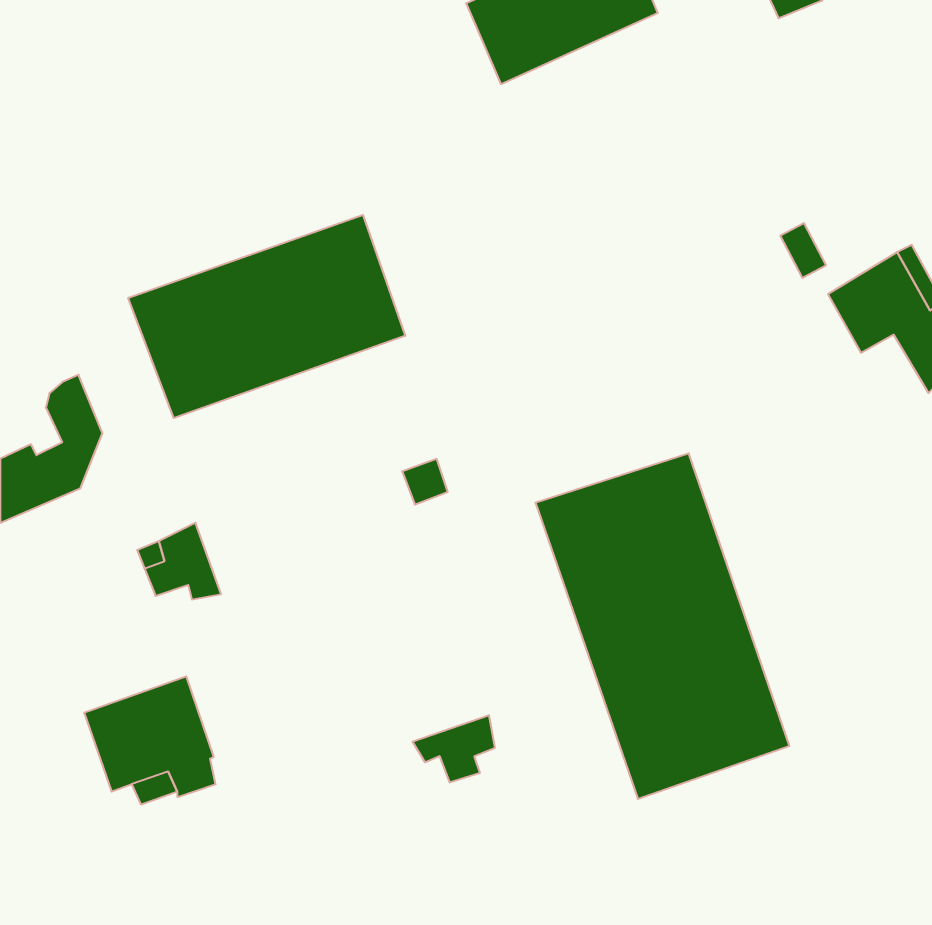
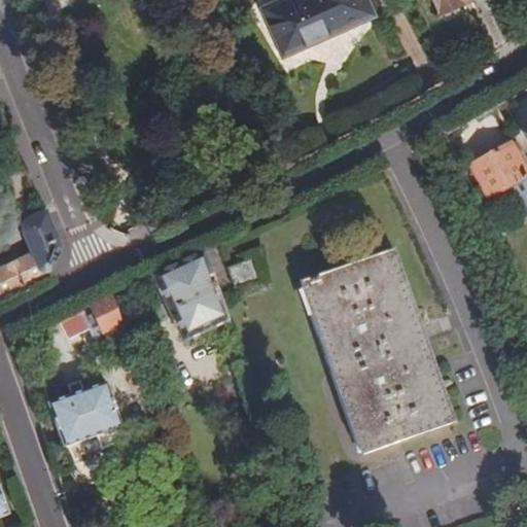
building: [128,215,405,418] -> none
building: none -> [155,249,230,342]
building: [413,715,495,783] -> none

